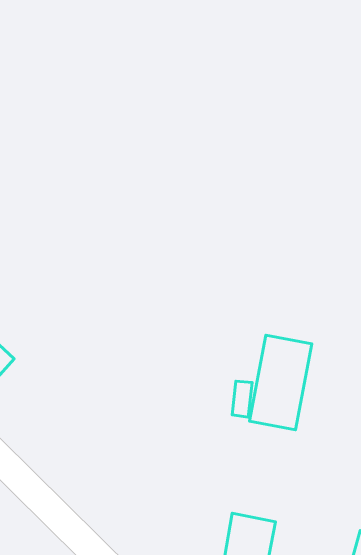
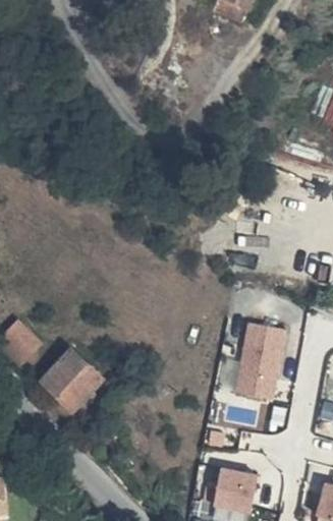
building: none -> [42,347,103,429]

